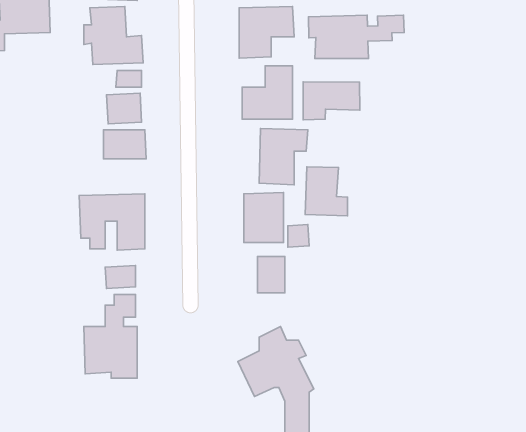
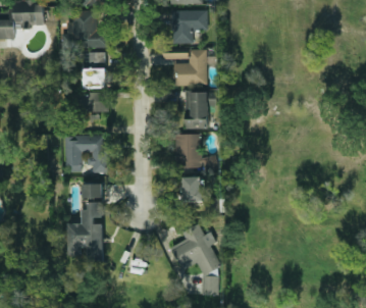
building: [308,15,404,59] -> none
building: [303,82,360,120] -> none
building: [305,167,348,216] -> none

